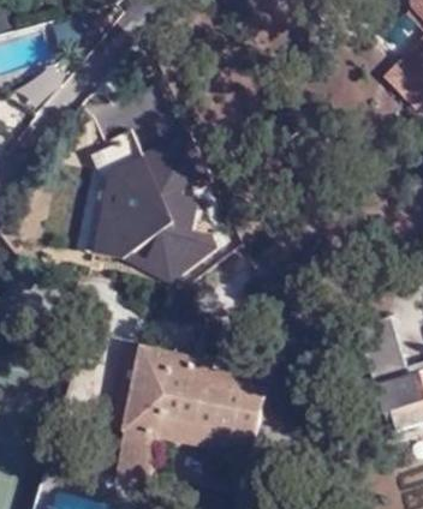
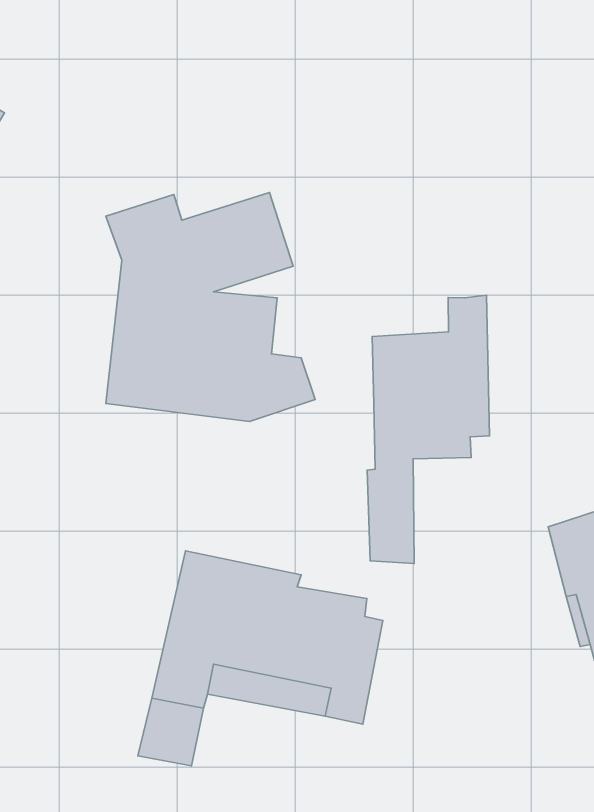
building: none -> [367,295,489,564]

